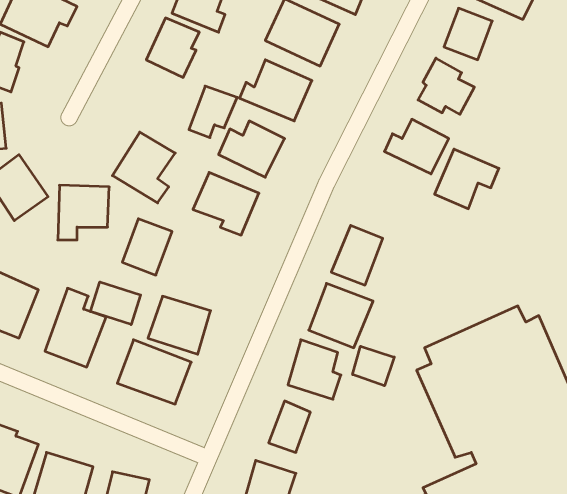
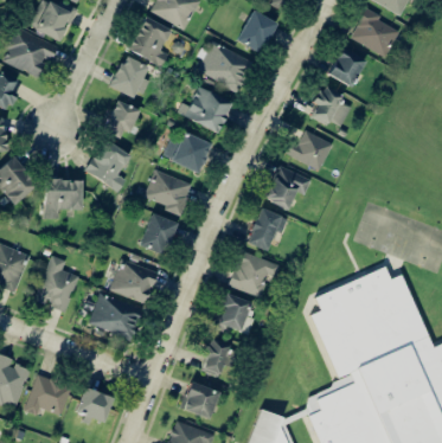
building: [189,86,237,138] -> [104,101,140,139]
building: [435,149,499,209] -> [264,166,312,210]
building: [122,219,172,275] -> [140,213,177,255]
building: [90,282,141,325] -> none
building: [353,346,394,386] -> none

